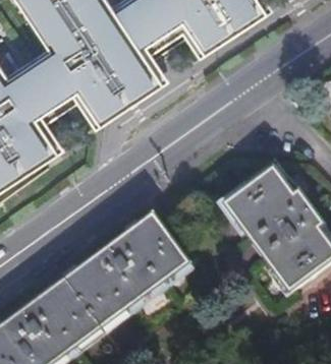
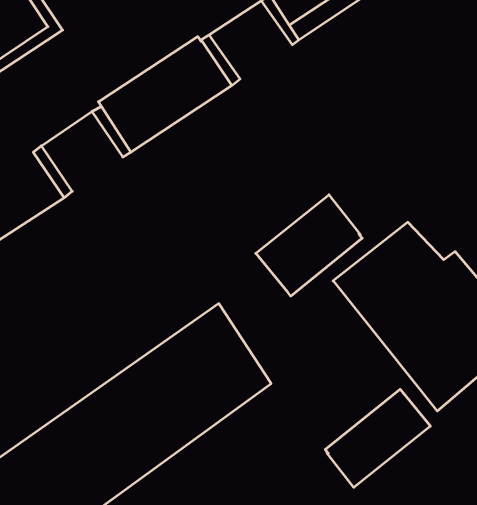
building: none -> [256,195,362,296]
building: none -> [325,389,430,487]

